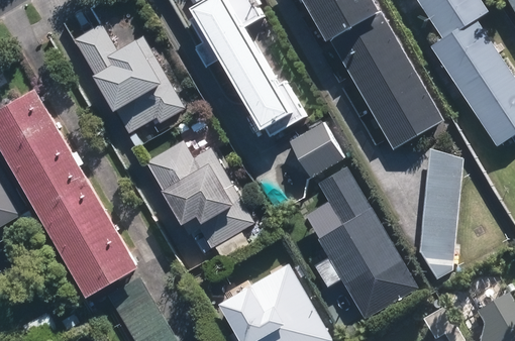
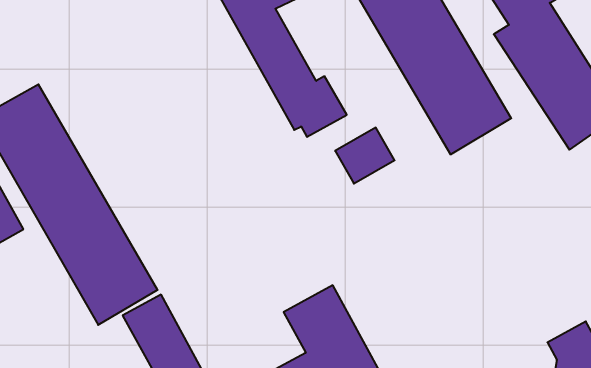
building: [74,23,186,132] -> none
building: [145,139,254,245] -> none
building: [419,147,461,278] -> none
building: [303,167,417,318] -> none

